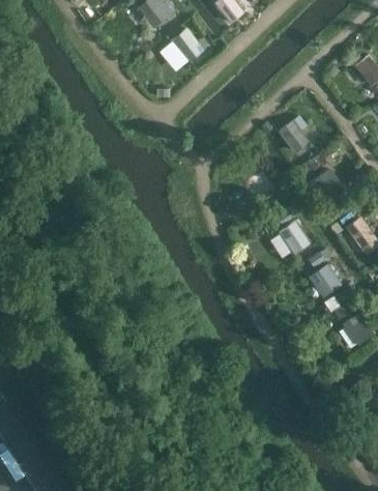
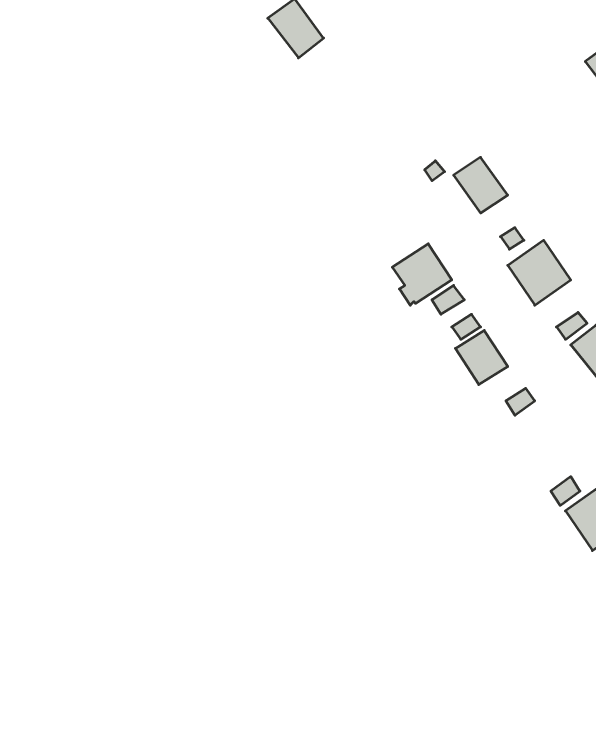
building: [308,263,342,297] -> none

